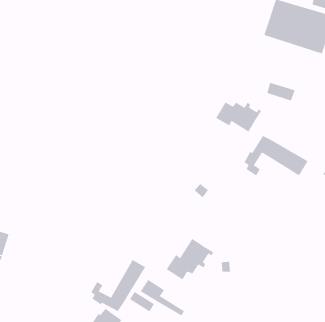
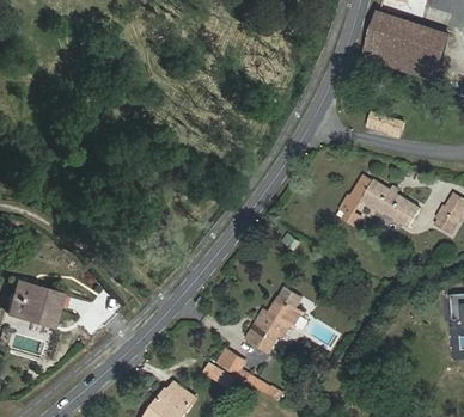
building: [216,101,262,132] -> none
building: [91,259,146,312] -> none

